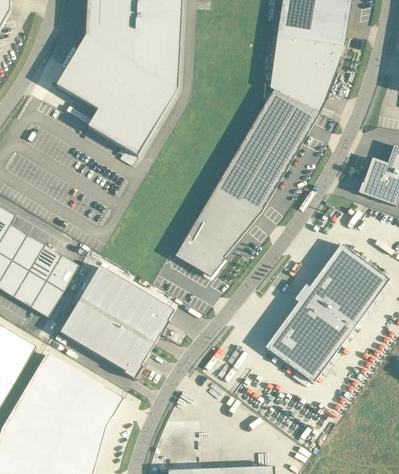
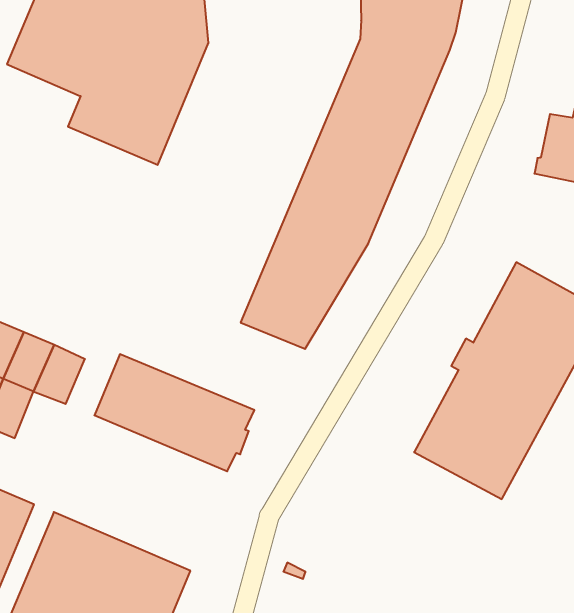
building: [30,280,63,317] -> none
building: [59,299,153,378] -> none

